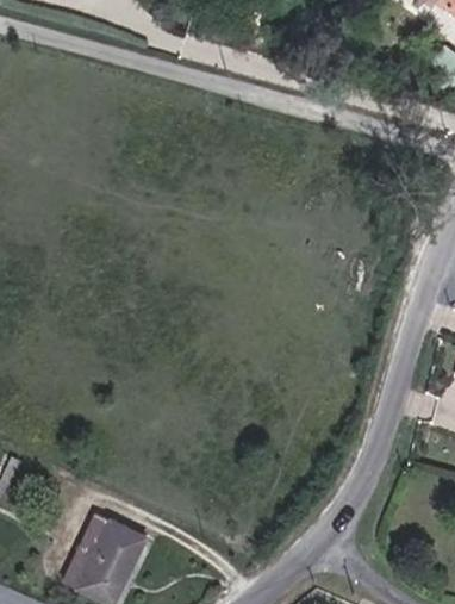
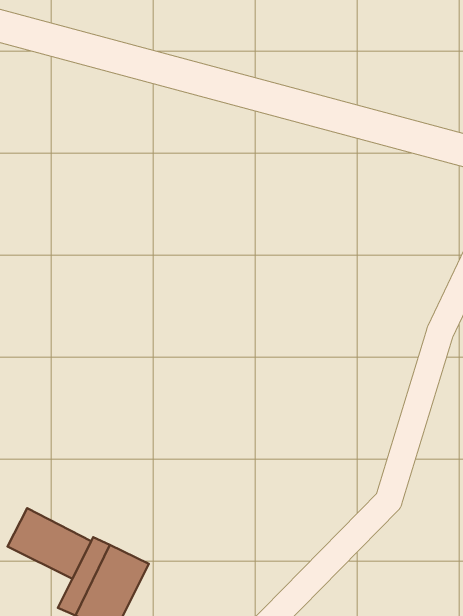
building: none -> [7,508,91,579]

